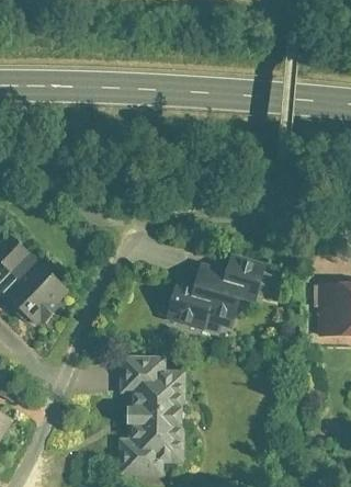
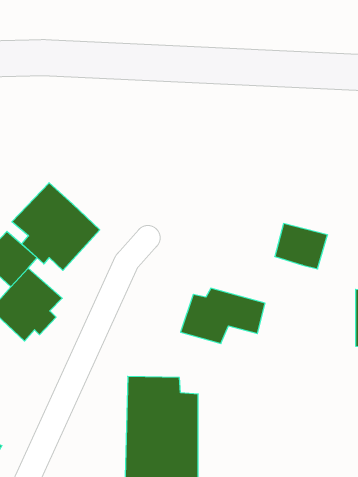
building: none -> [12,183,100,270]
building: [217,256,263,295] -> [275,224,328,269]

